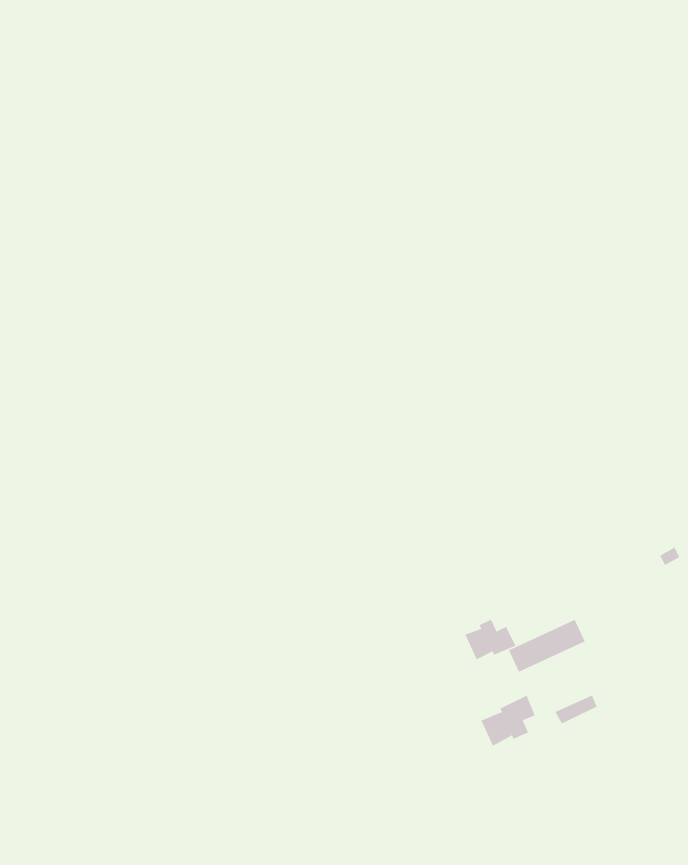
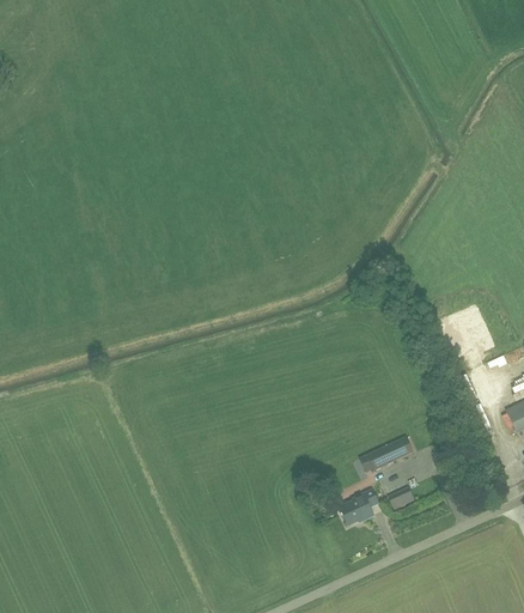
building: [465,619,516,660] -> none

